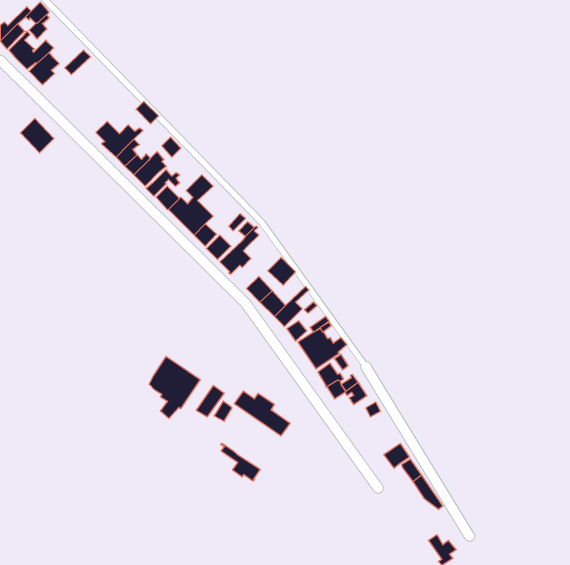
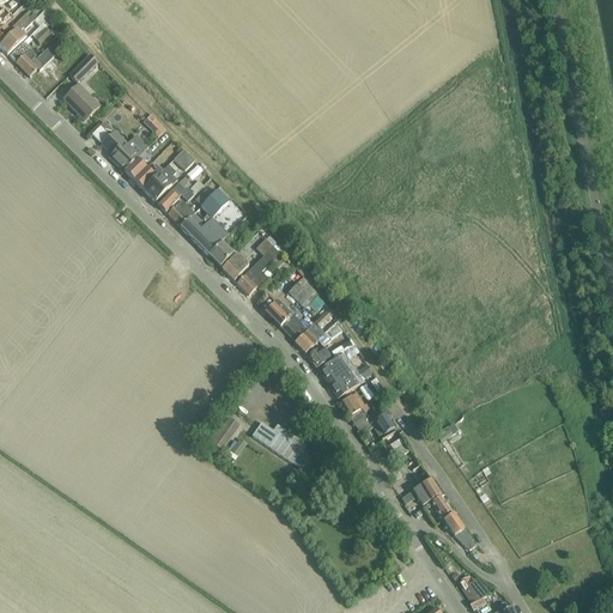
building: [20,118,54,153] -> [63,81,99,119]
building: [149,356,200,418] -> none
building: [221,443,260,481] -> none

